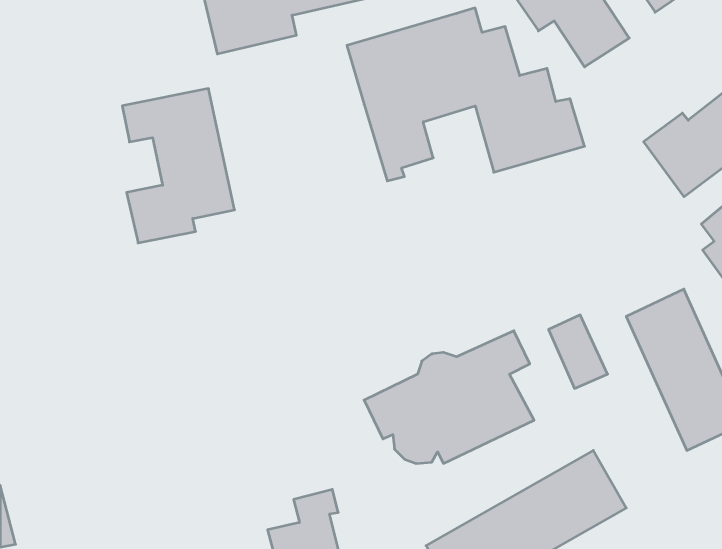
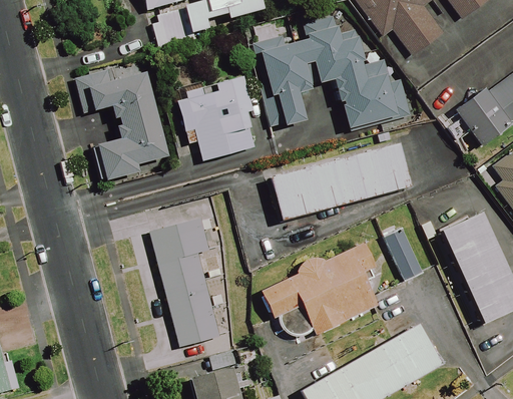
building: none -> [178,77,255,160]
building: none -> [270,142,412,221]
building: none -> [151,219,220,346]

